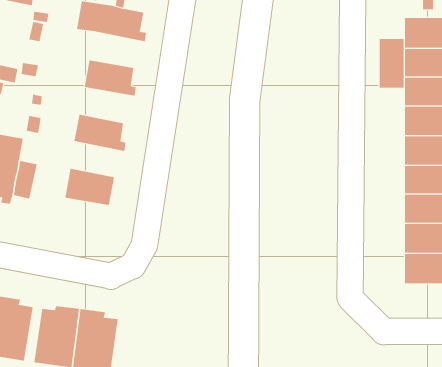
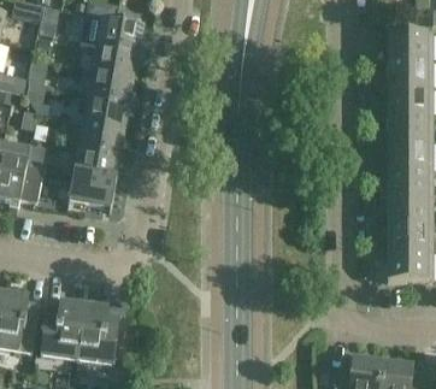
building: none -> [92,43,145,77]
building: [379,38,404,88] -> none
building: none -> [82,95,135,129]
building: none -> [73,146,125,179]

